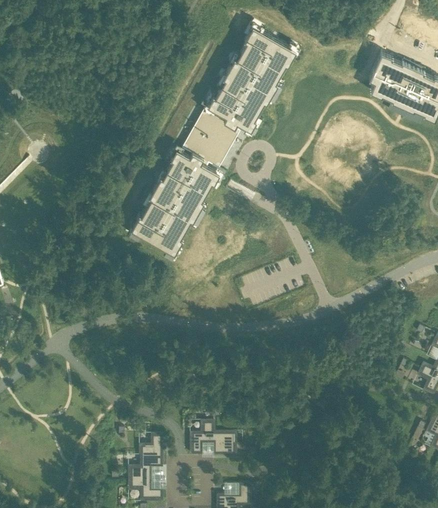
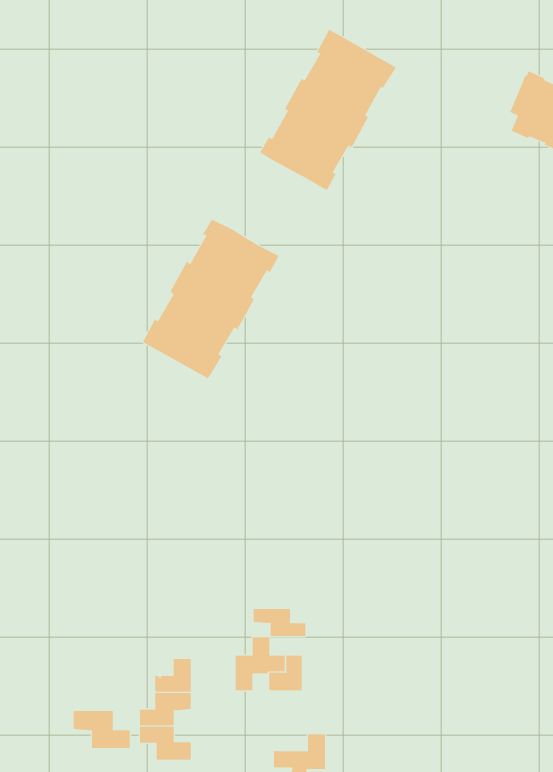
building: [181,108,238,167] -> none
building: none -> [253,608,306,637]
building: none -> [73,710,130,749]

